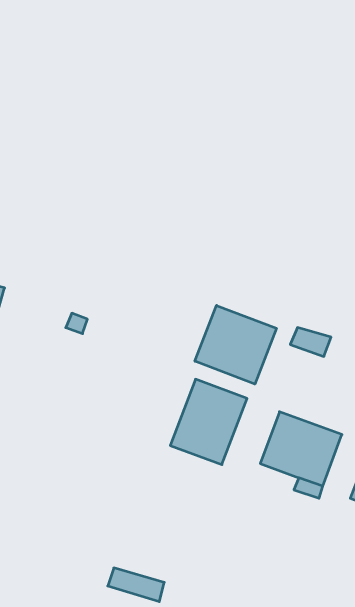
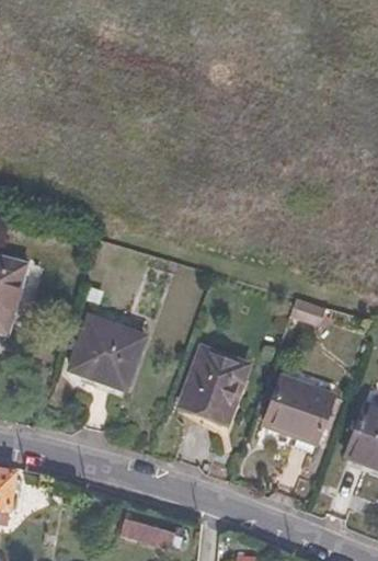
building: [195,305,276,384] -> none
building: none -> [70,316,146,390]

